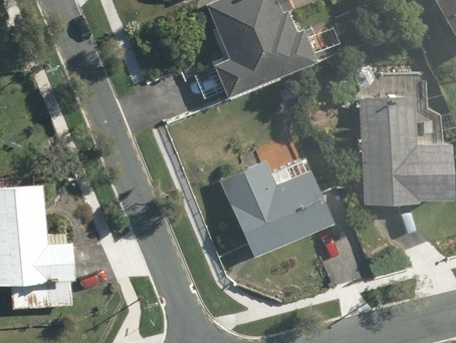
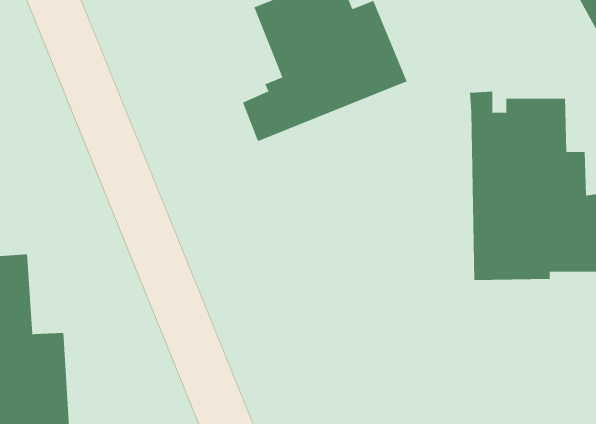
building: [221,158,337,259] -> none

